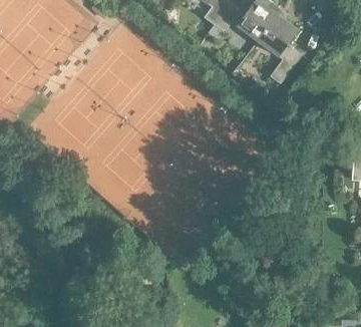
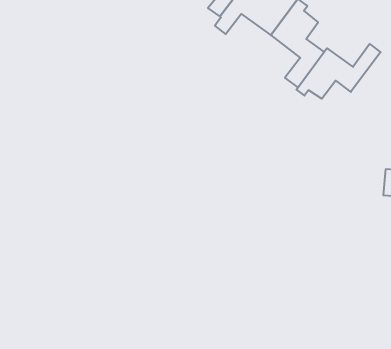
building: none -> [296,44,381,99]

